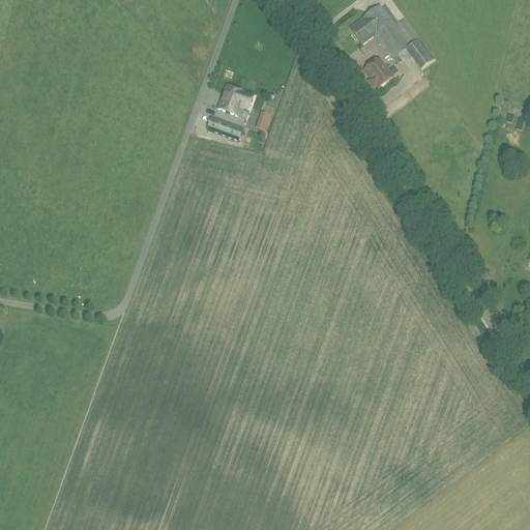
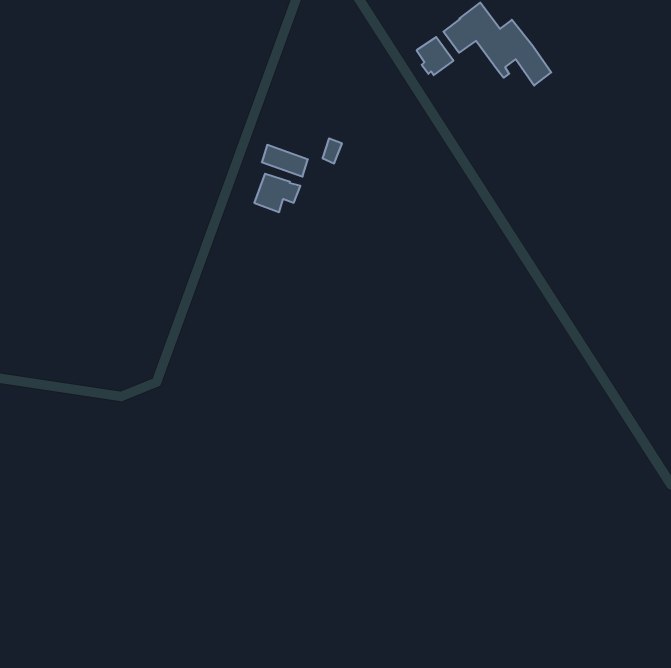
building: [363,56,392,86] -> [417,37,453,75]
building: [216,84,253,114] -> [254,174,300,212]

